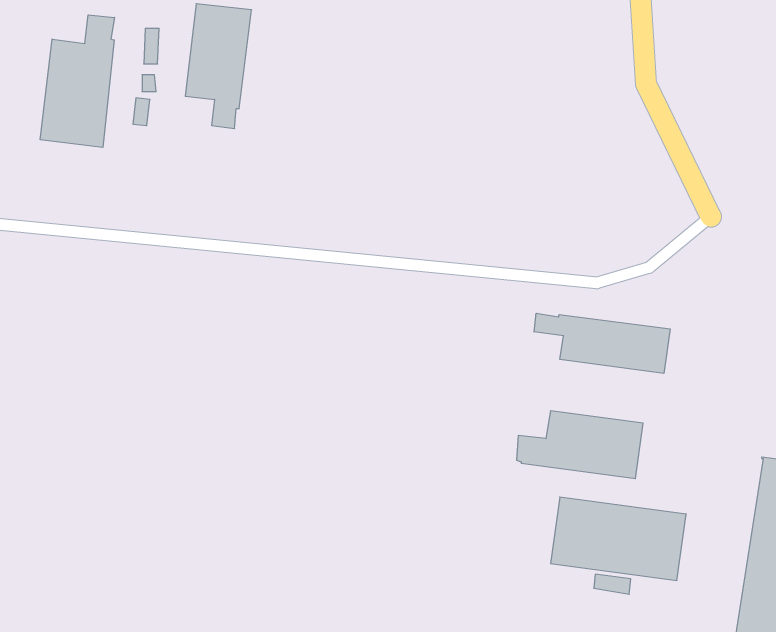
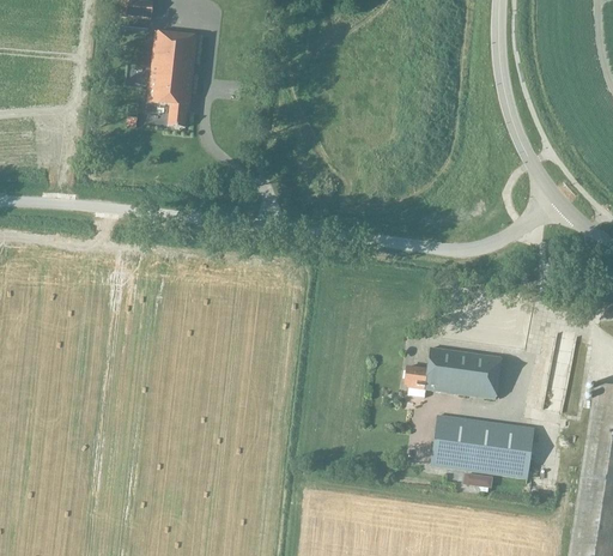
building: [40,15,114,147] -> none
building: [534,313,670,373] -> none

